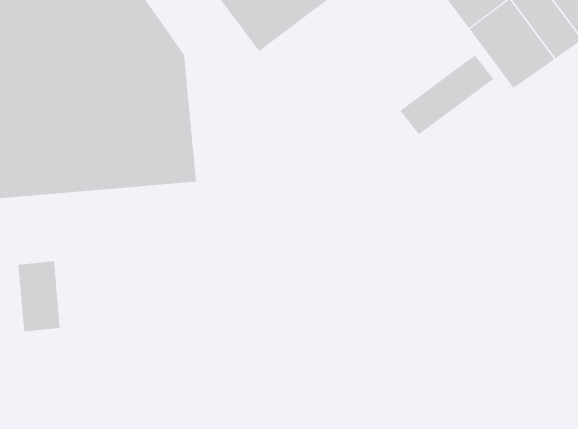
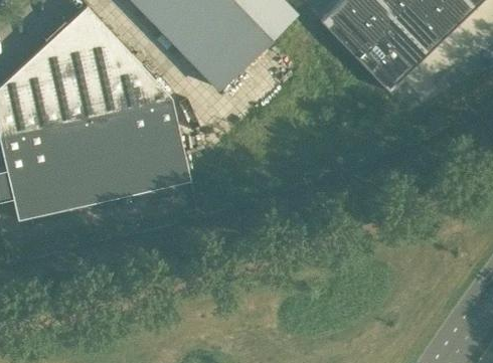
building: [400,54,494,135] -> none
building: [18,261,60,332] -> none

